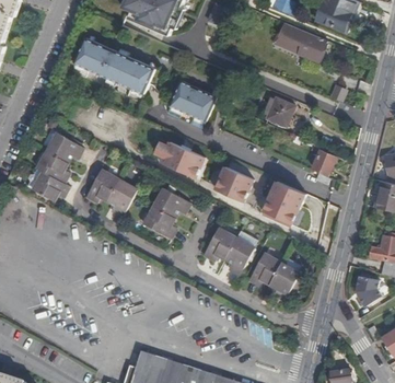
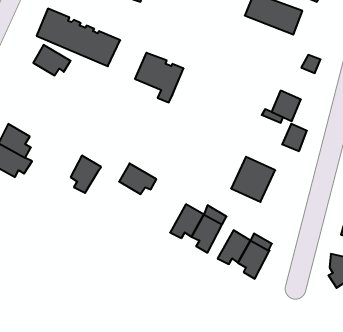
building: [266,97,294,127] -> [272,91,301,121]
building: [46,132,82,162] -> [33,45,71,75]
building: [155,143,204,173] -> none
building: [216,166,253,197] -> none
building: [85,172,117,204] -> none
building: [142,206,176,239] -> none

